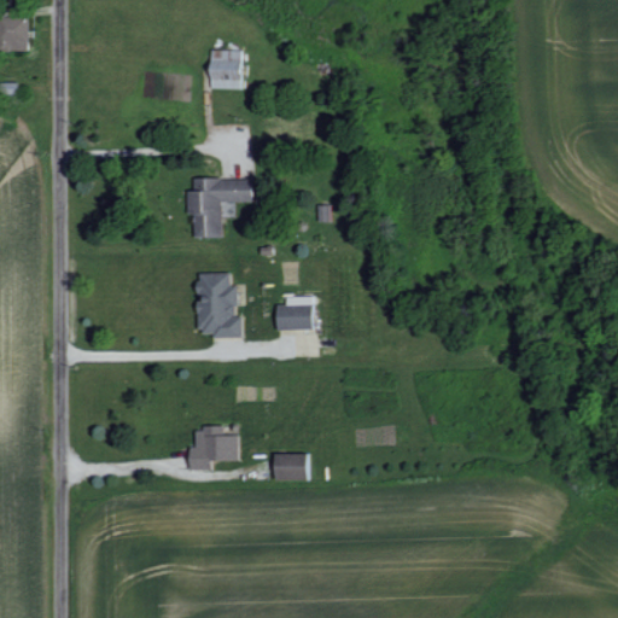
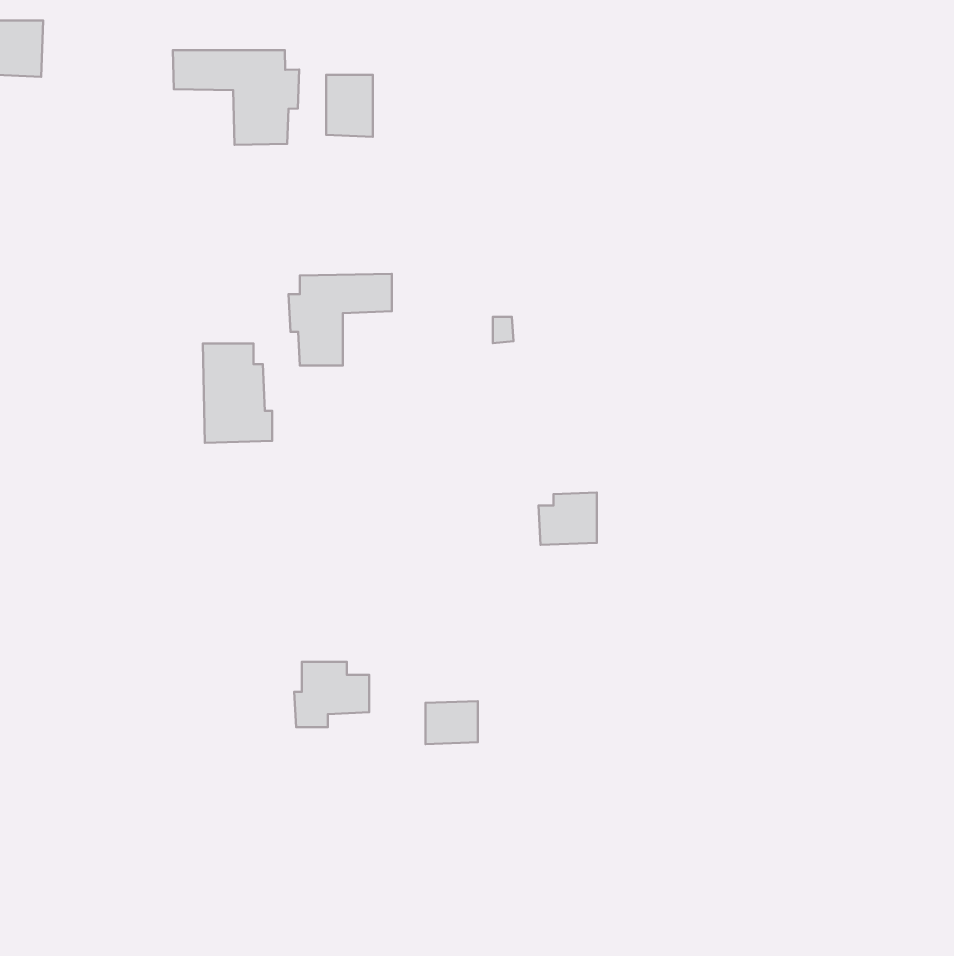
building: none -> [173,50,299,145]
building: [197,273,241,337] -> [203,344,272,443]
building: [275,296,313,330] -> [539,492,597,545]

